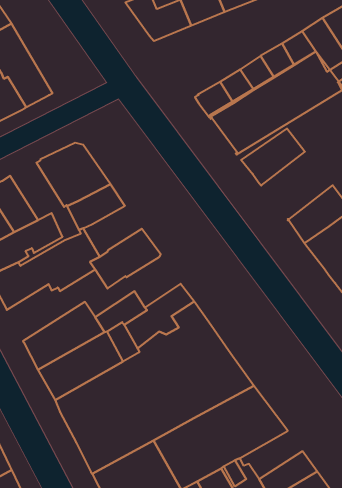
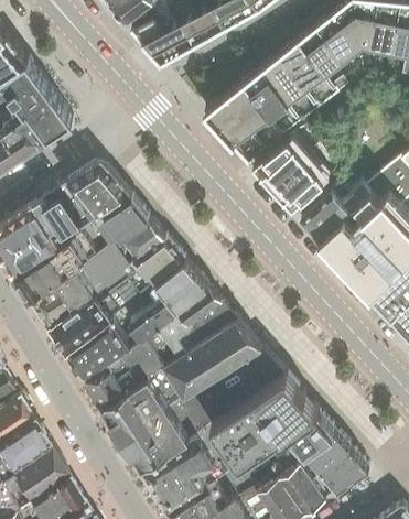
building: none -> [273,154,331,210]
building: none -> [40,188,93,241]
building: none -> [112,220,166,263]
building: none -> [157,262,207,313]
building: none -> [49,282,140,355]
building: none -> [278,414,335,462]

